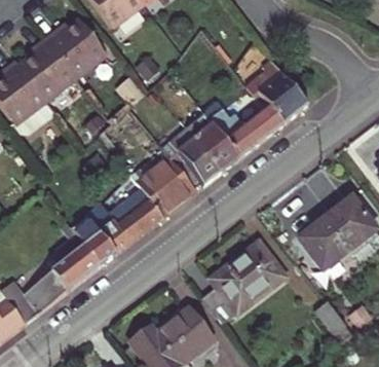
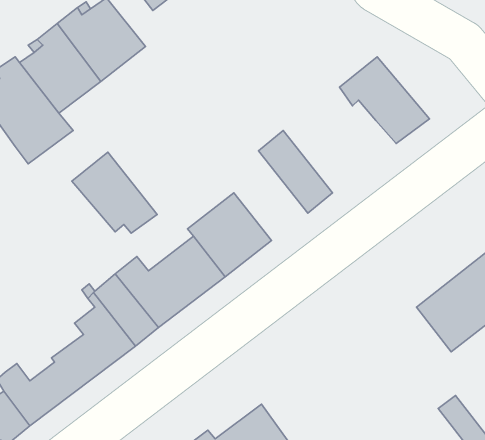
building: [203,102,285,157] -> none
building: [161,127,222,185] -> [72,152,157,233]
building: [201,244,283,325] -> none

